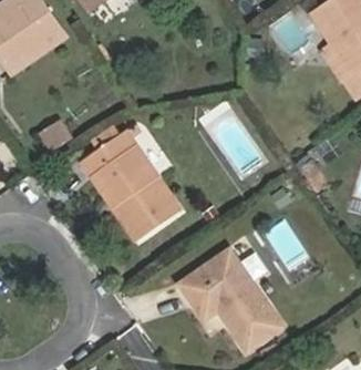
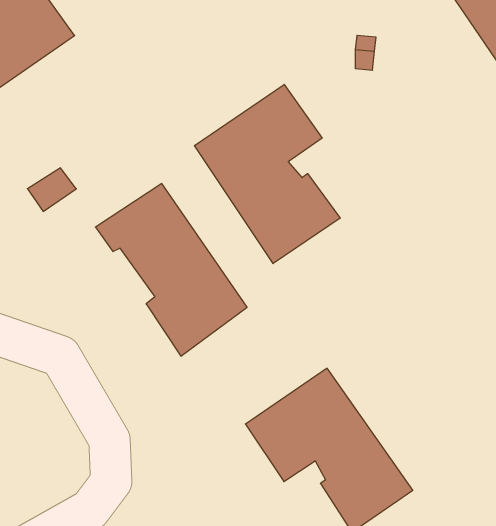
building: none -> [194,84,340,264]

